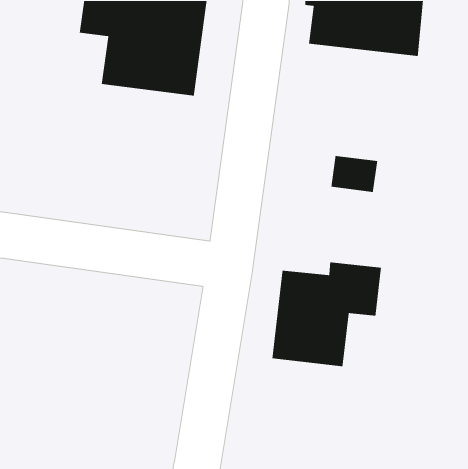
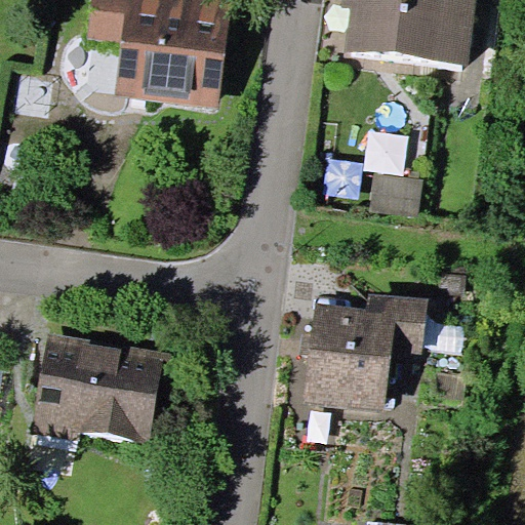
building: none -> [32,333,164,442]

